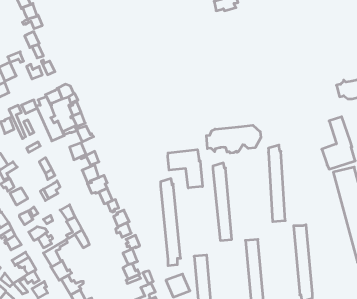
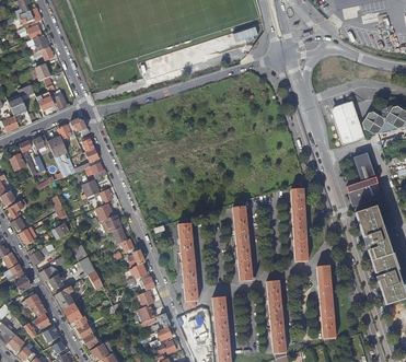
building: none -> [332,101,364,144]
building: [206,125,261,153] -> none
building: [168,150,202,188] -> none

